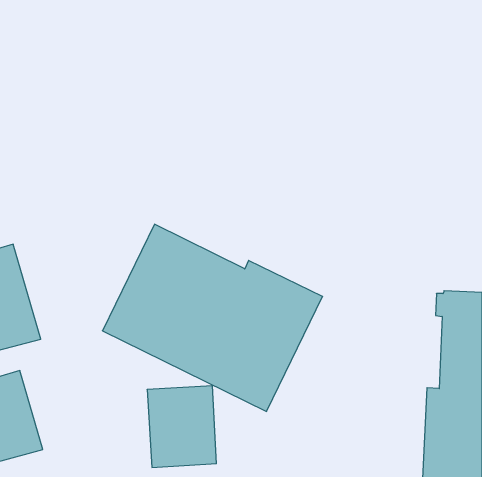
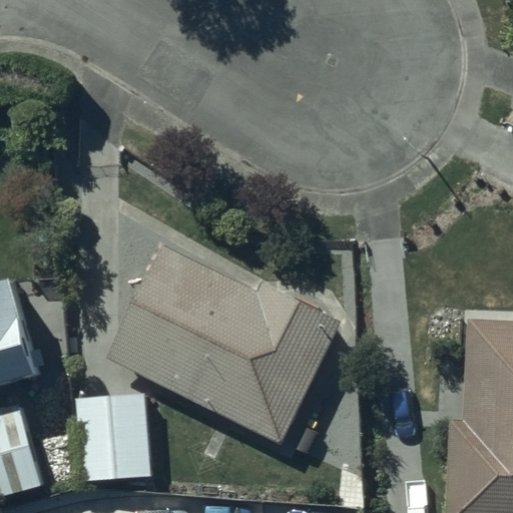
building: [147,386,216,467] -> [77,395,150,481]

